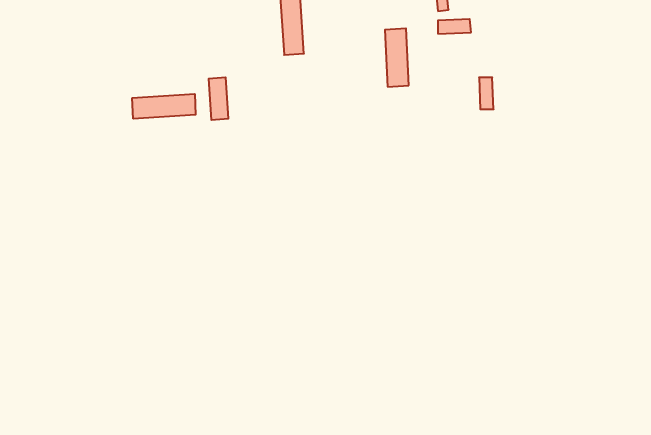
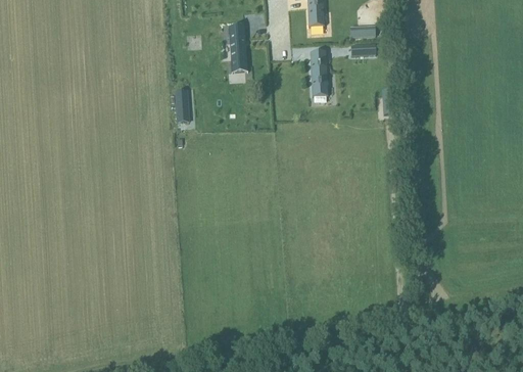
building: [132,94,196,119] -> none

